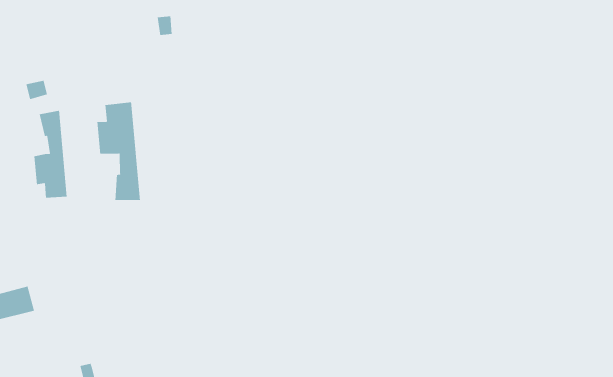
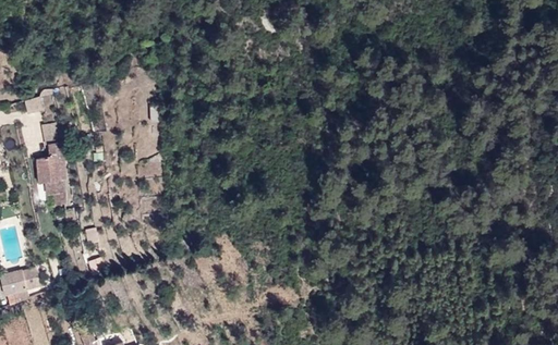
building: [97,101,141,201] -> none

